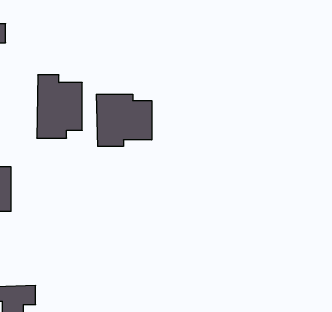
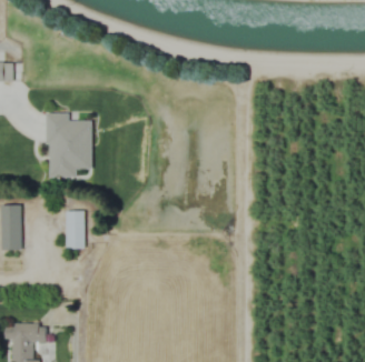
building: [96,94,152,146] -> none
building: none -> [66,210,85,249]

